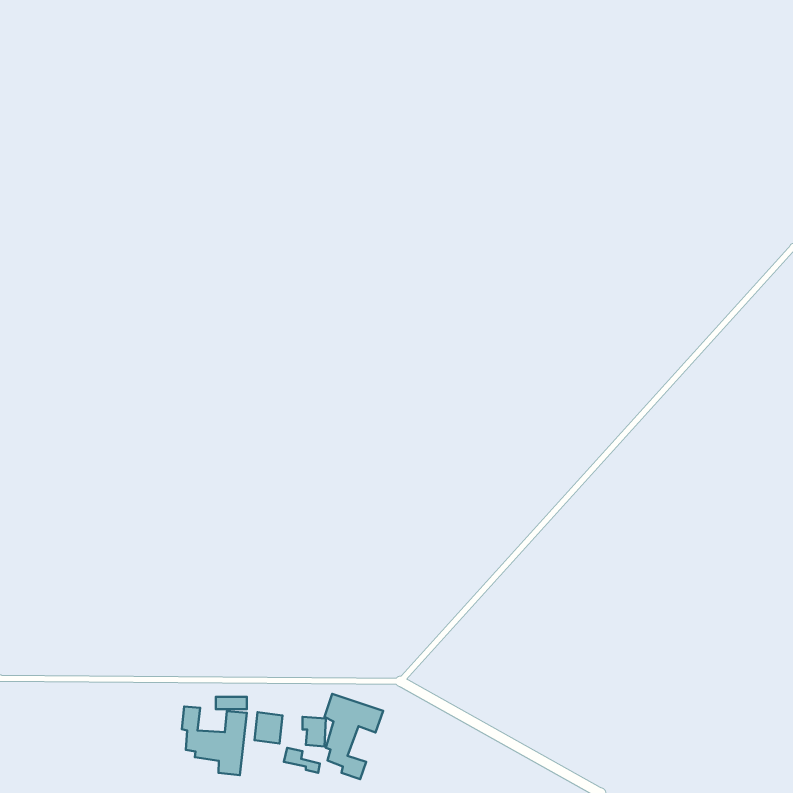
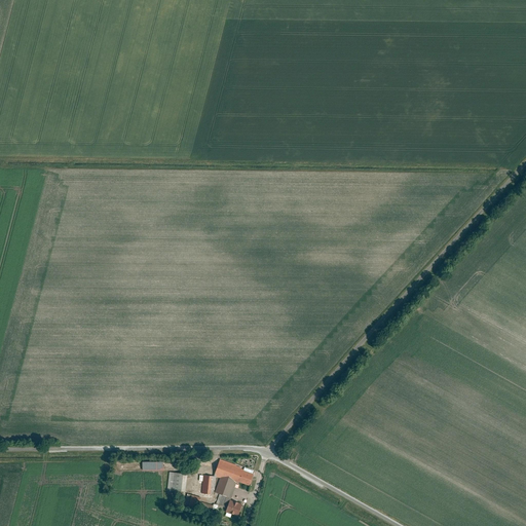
building: [182,707,247,775] -> none

